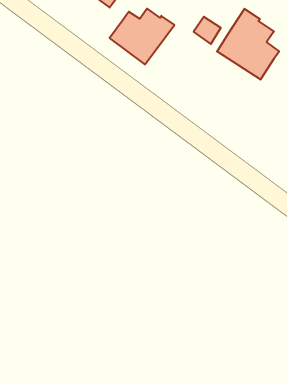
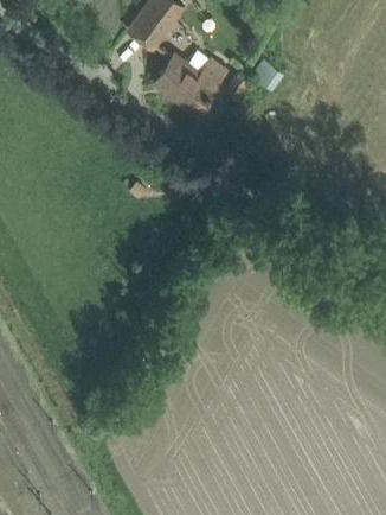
building: [217,9,279,80] -> none

